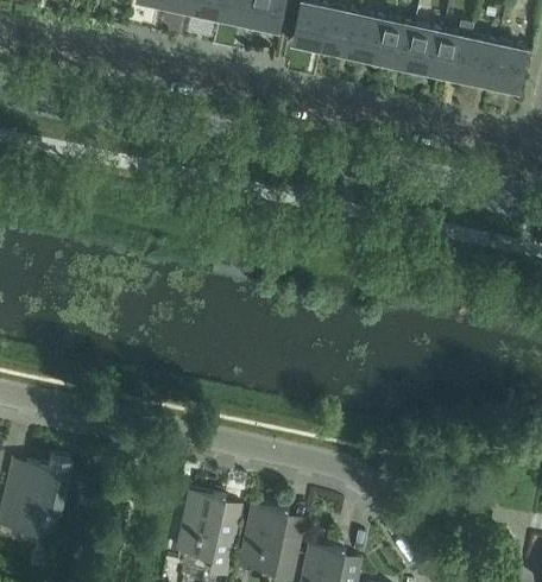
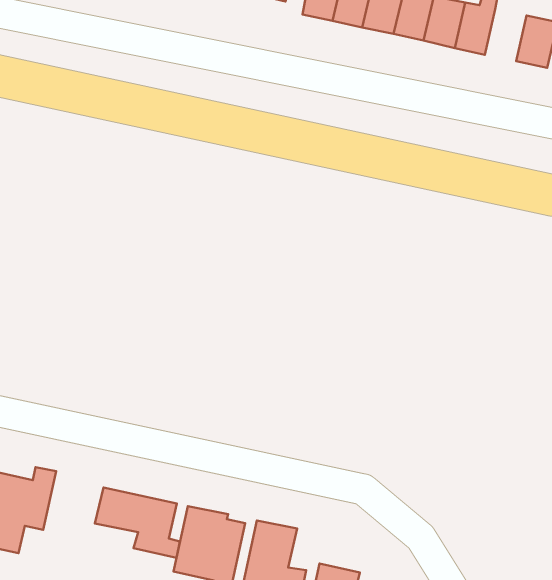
building: [460,38,498,86] -> none
building: none -> [95,488,180,558]

